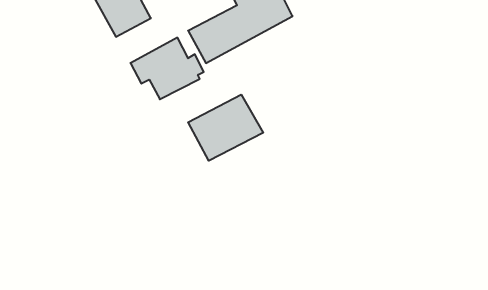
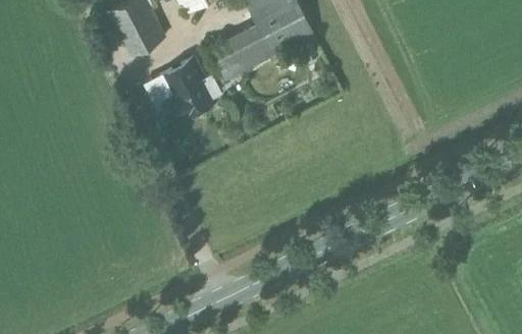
building: [188,95,263,161] -> none

